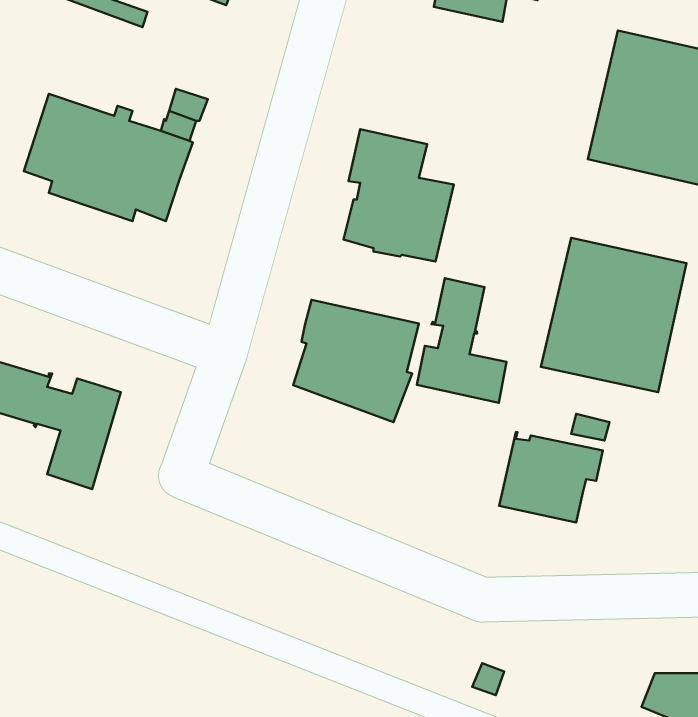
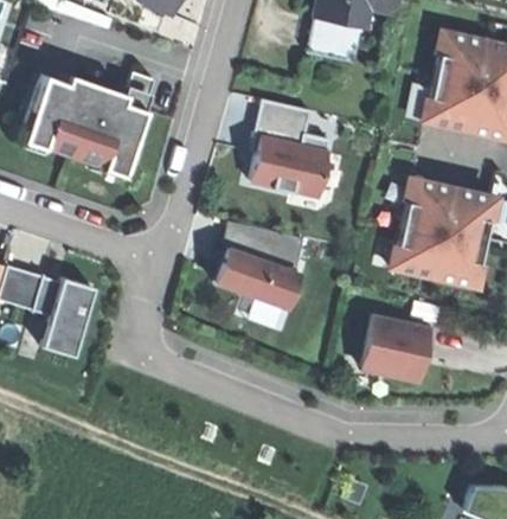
building: none -> [308,14,365,63]
building: [417,278,506,403] -> none

